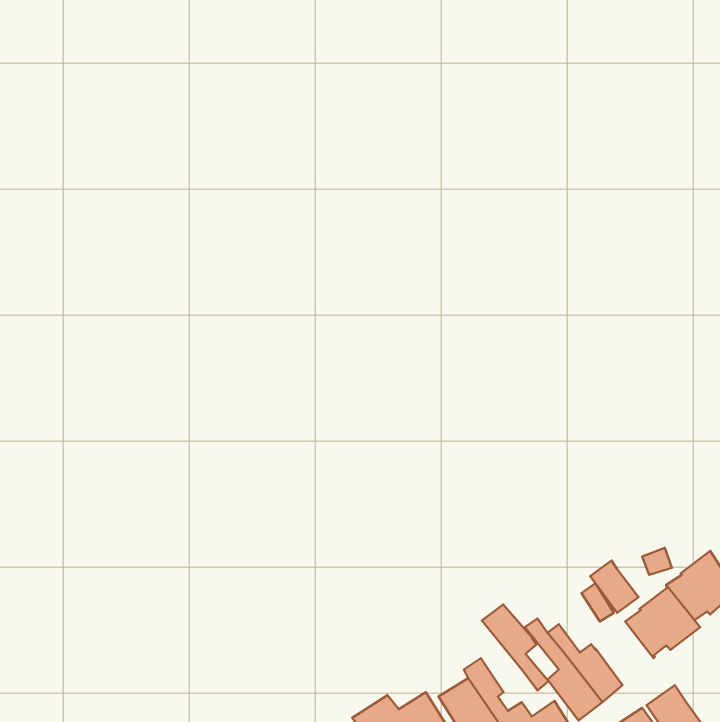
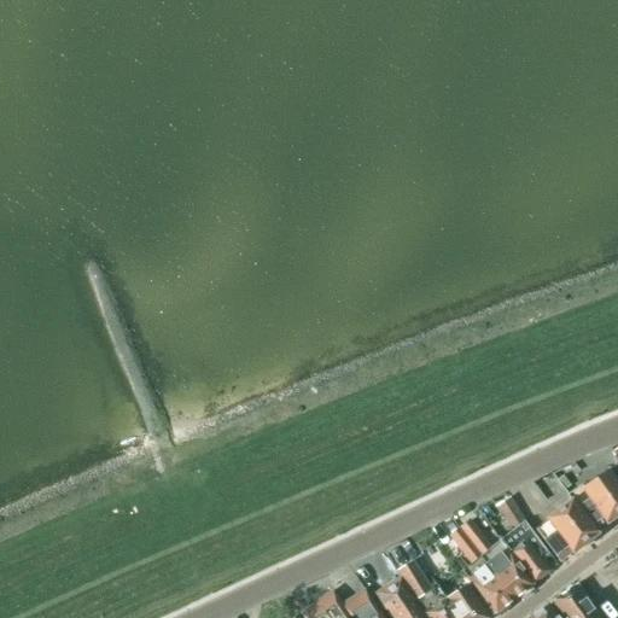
building: [590,561,638,613] -> [511,541,552,585]
building: [482,604,549,690] -> none

